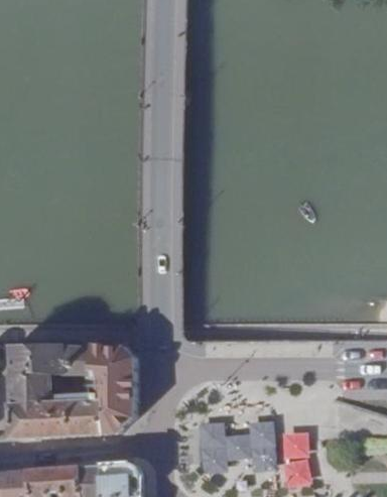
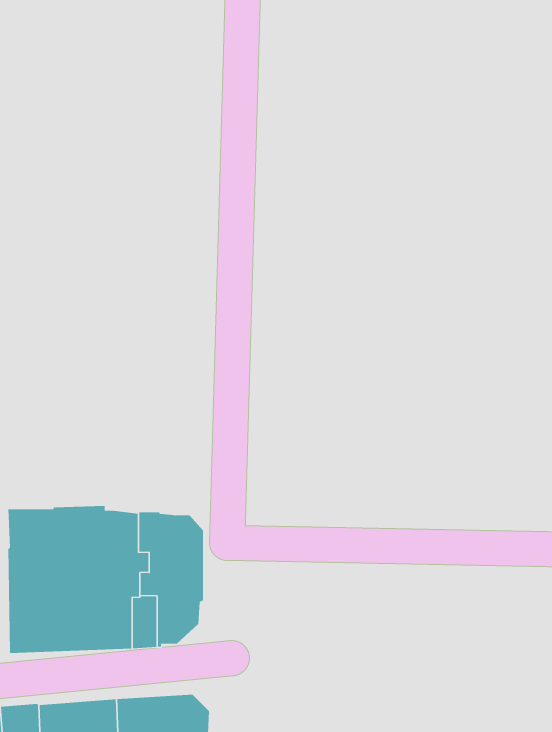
building: [194,418,310,483] -> none

